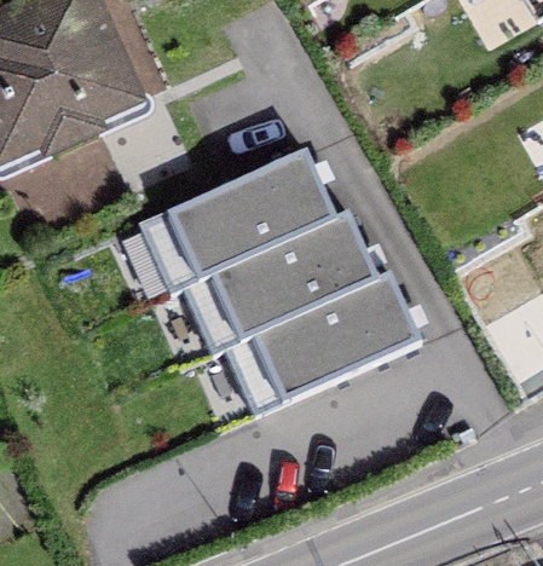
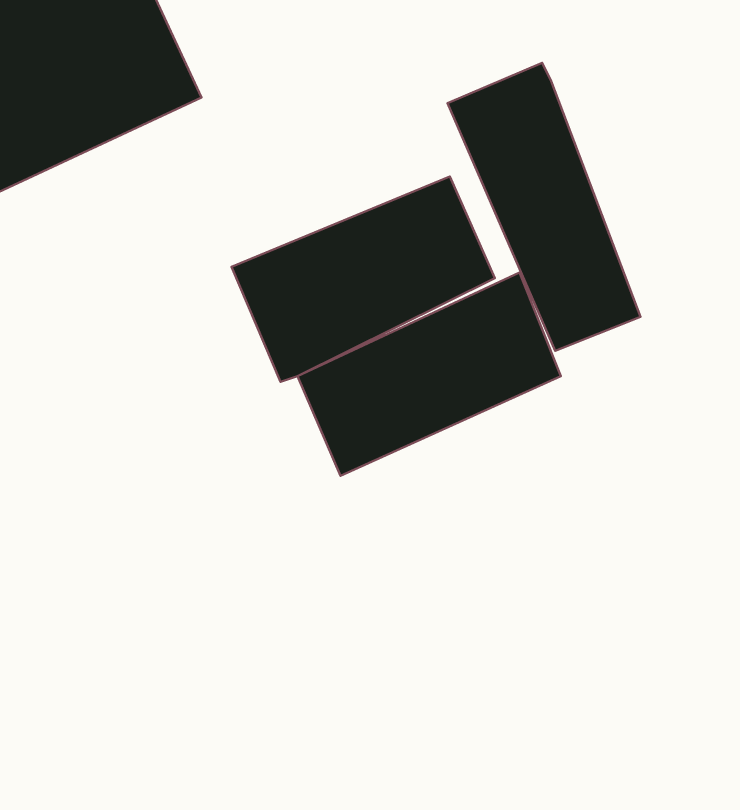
building: none -> [447,63,641,351]
building: [250,275,417,409] -> none

